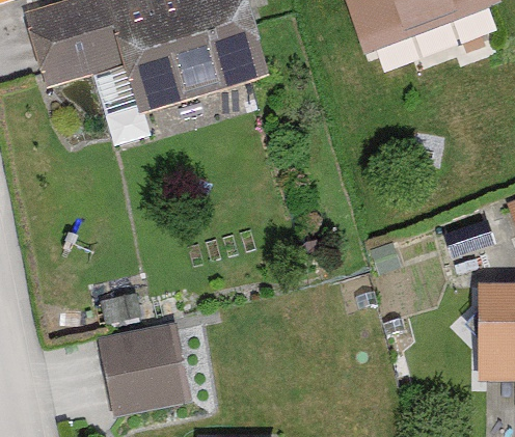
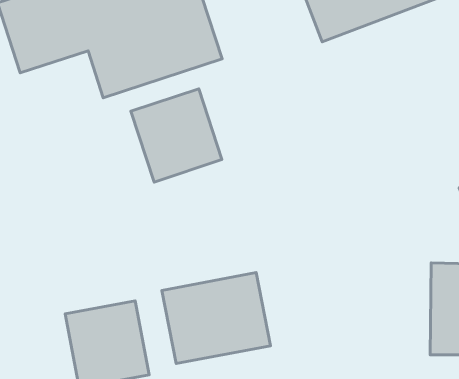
building: none -> [131,89,222,182]
building: none -> [162,272,270,364]

